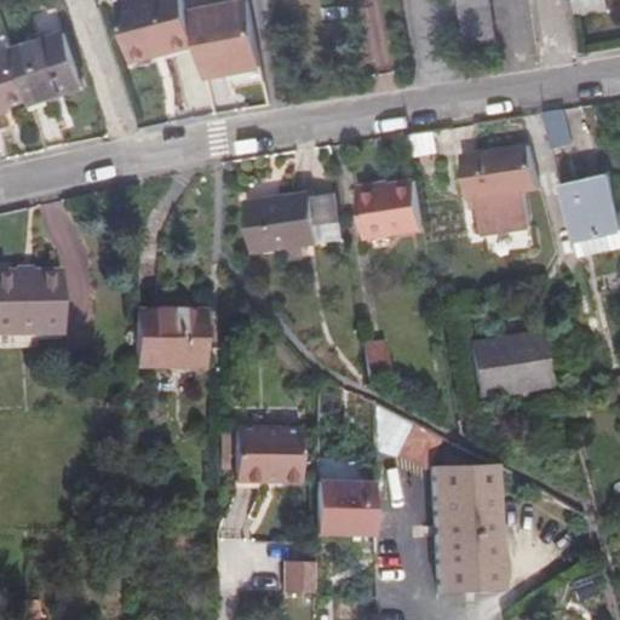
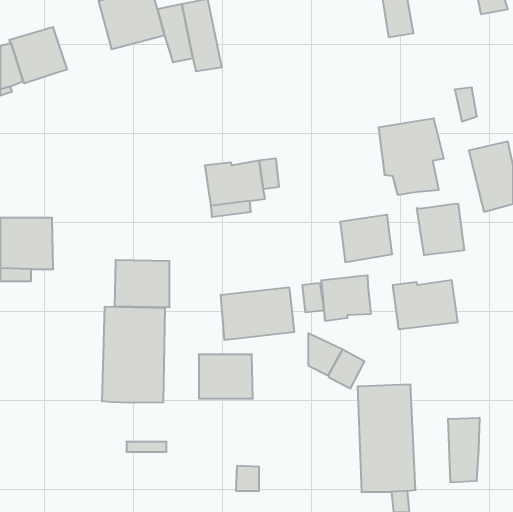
building: [363,178,426,235] -> [340,215,392,262]
building: none -> [417,204,464,255]
building: none -> [321,275,371,321]
building: none -> [221,287,294,340]
building: none -> [102,307,165,403]
building: [312,476,373,529] -> none
building: none -> [448,418,479,482]

